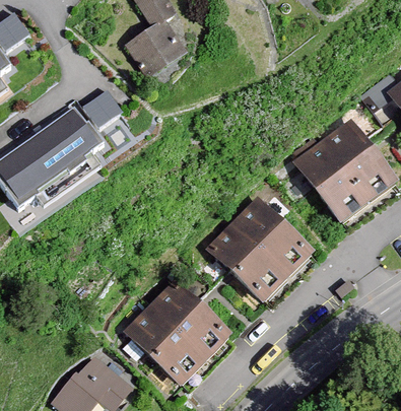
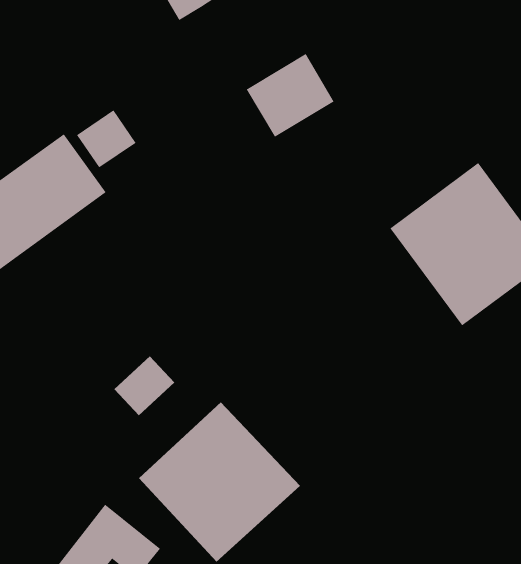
building: [125,15,185,72] -> [246,53,335,138]
building: [203,196,316,307] -> none
building: none -> [114,356,175,416]

